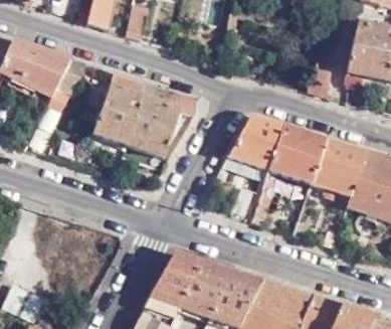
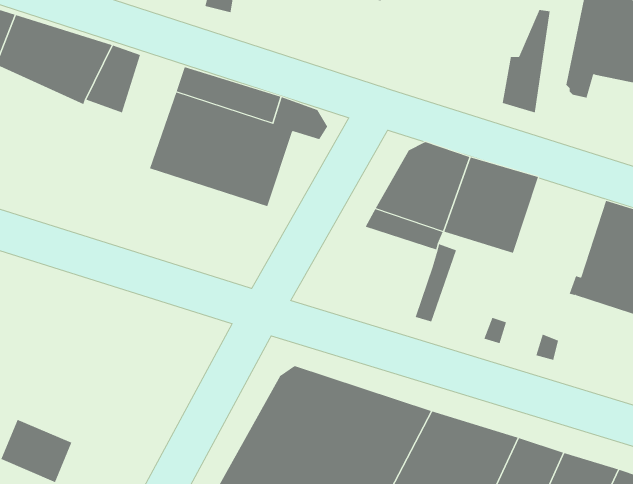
building: [313,137,368,197] -> none

